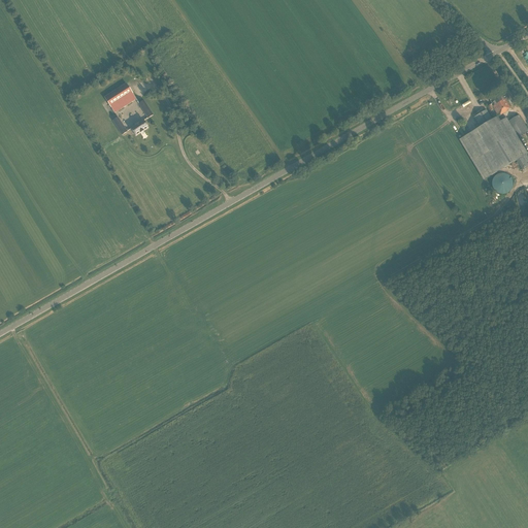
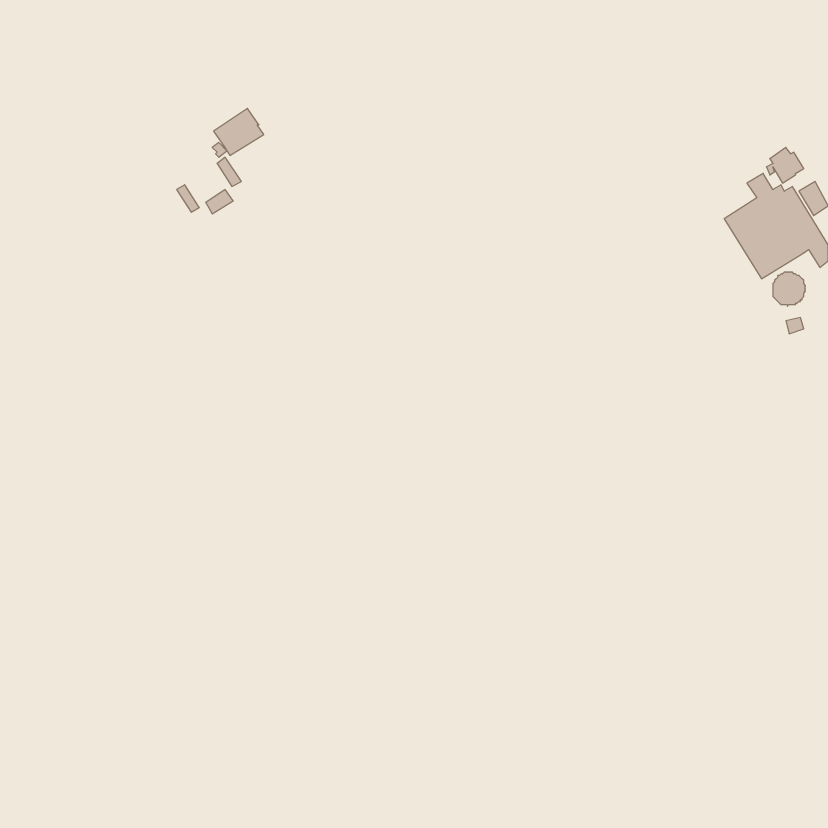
building: [104,84,136,113] -> [214,108,264,155]

